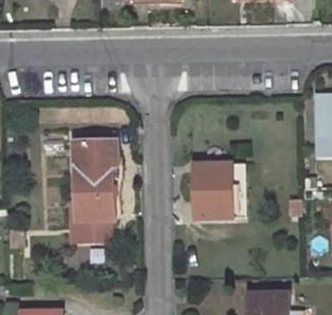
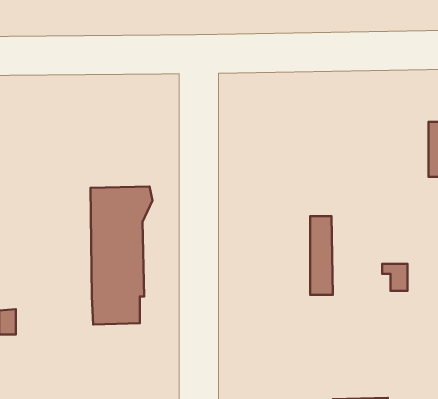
building: [193,161,230,217] -> none

